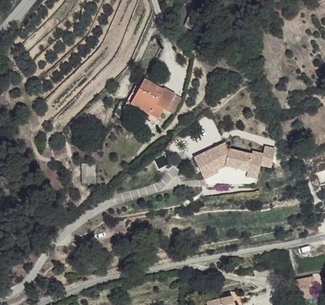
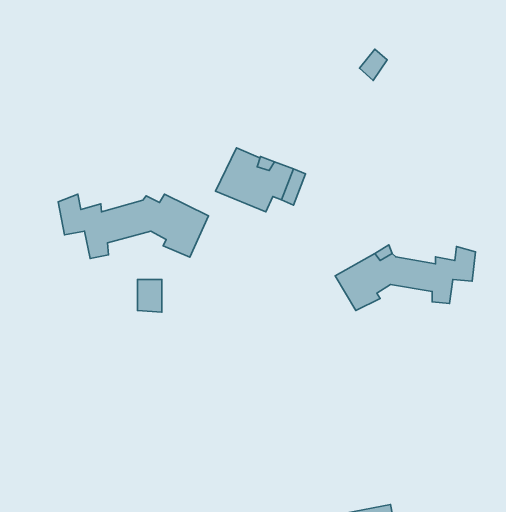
building: none -> [58,194,209,258]

